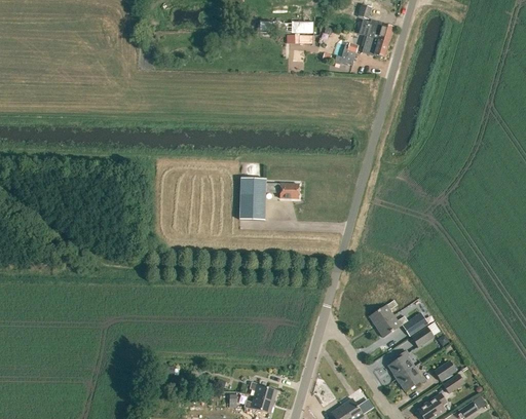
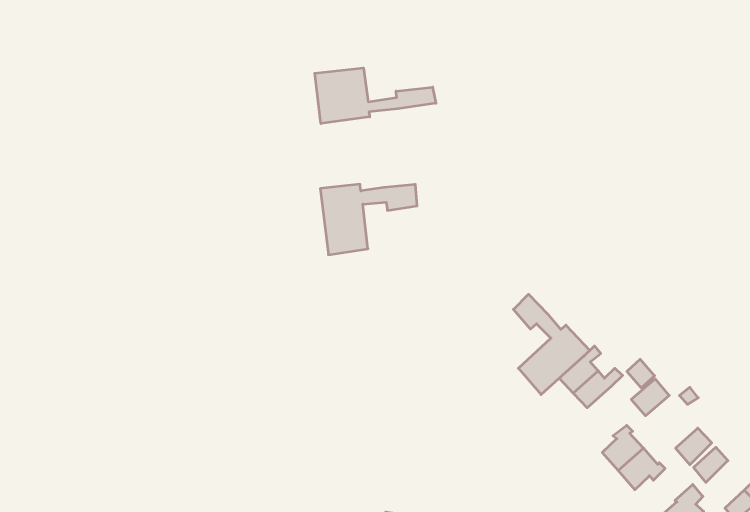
building: none -> [315,68,436,124]
building: none -> [513,294,590,395]

